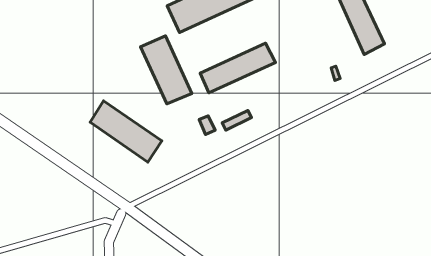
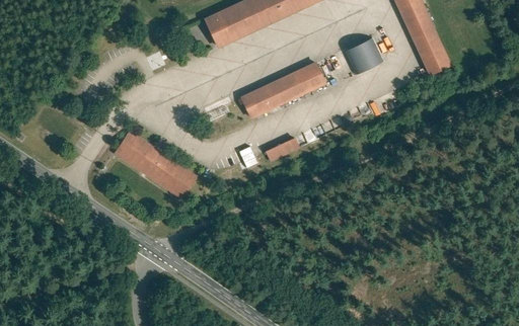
building: none -> [345,37,382,73]
building: [141,36,192,104] -> none

